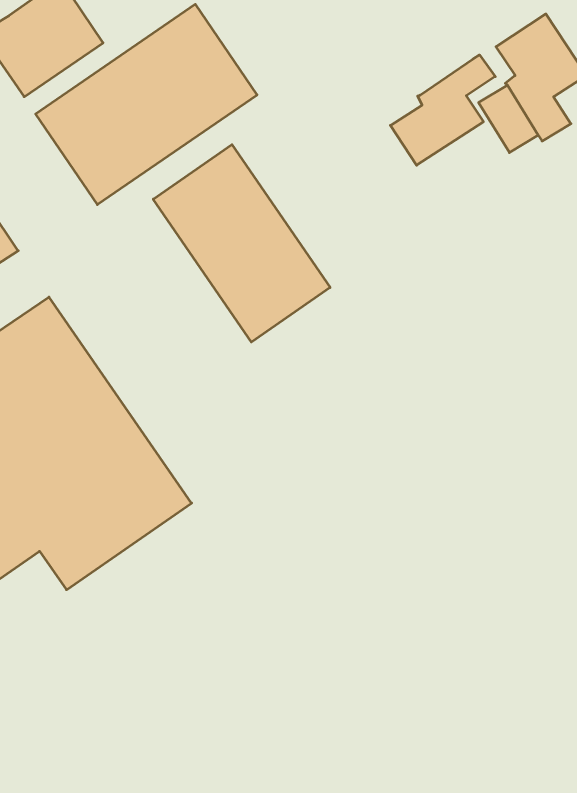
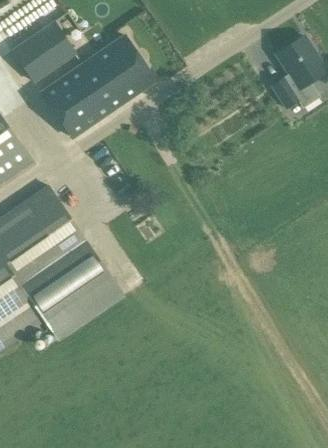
building: [390,55,495,165] -> none
building: [153,145,330,342] -> none

